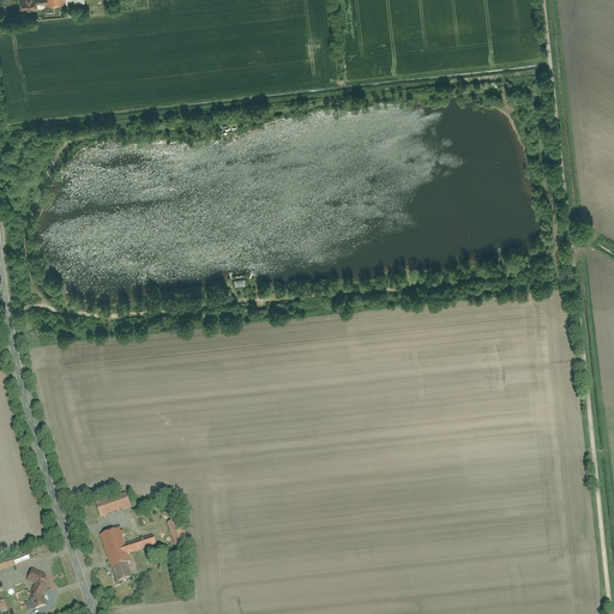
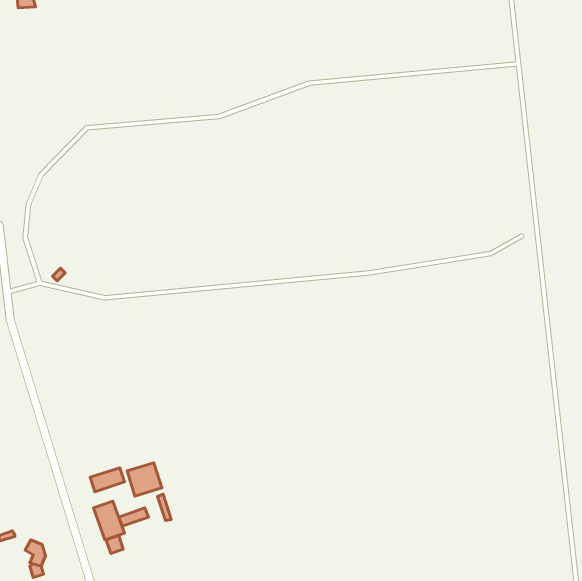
building: none -> [127,463,162,496]

